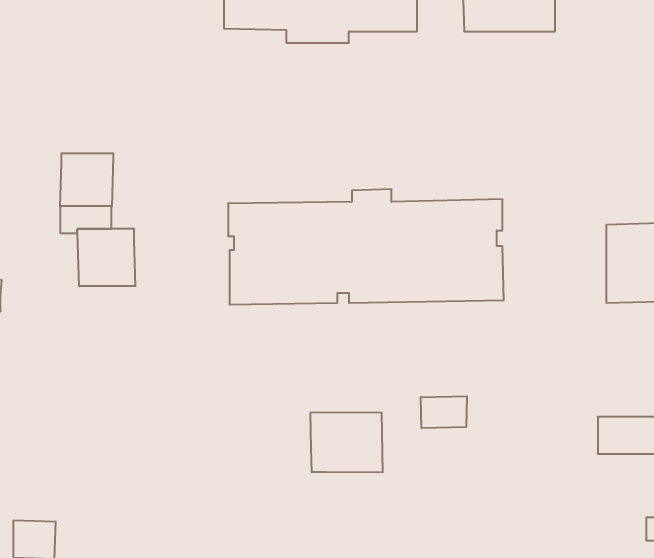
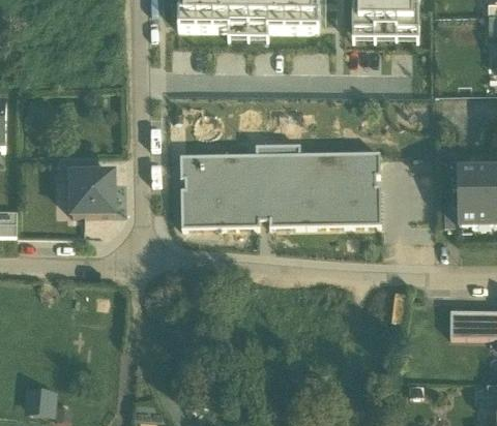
building: [60,153,113,206] -> none
building: [421,396,467,428] -> none
building: [311,412,383,472] -> none

